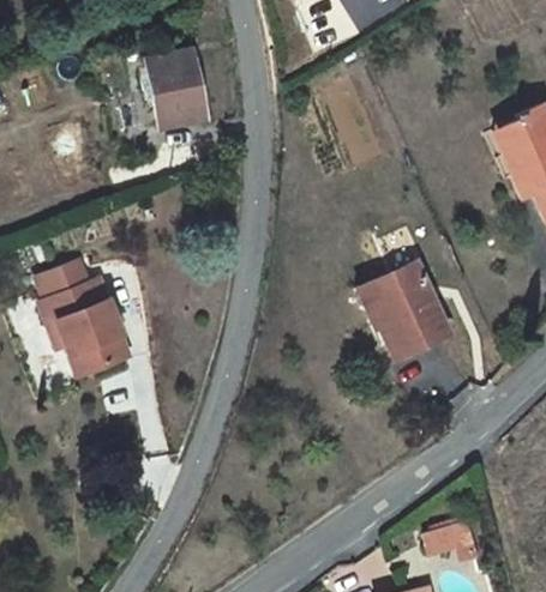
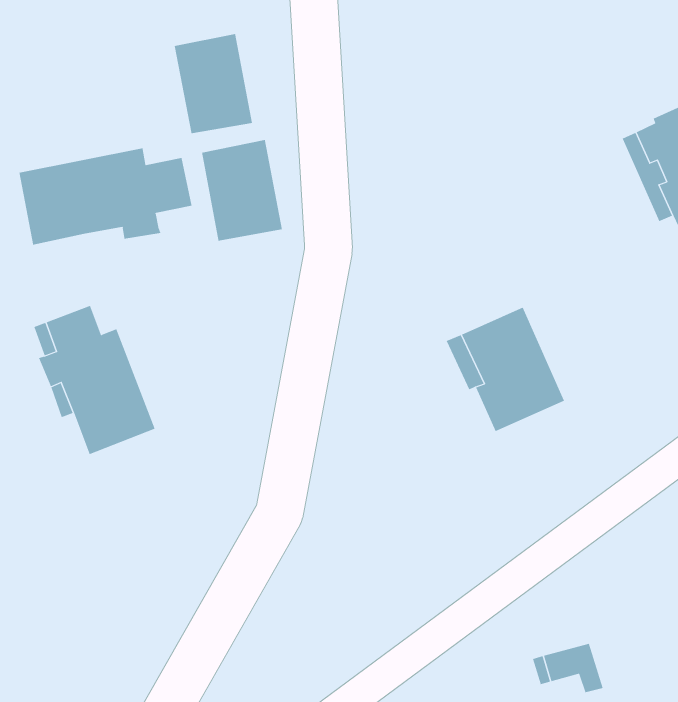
building: none -> [201,139,282,241]
building: none -> [19,148,192,245]

